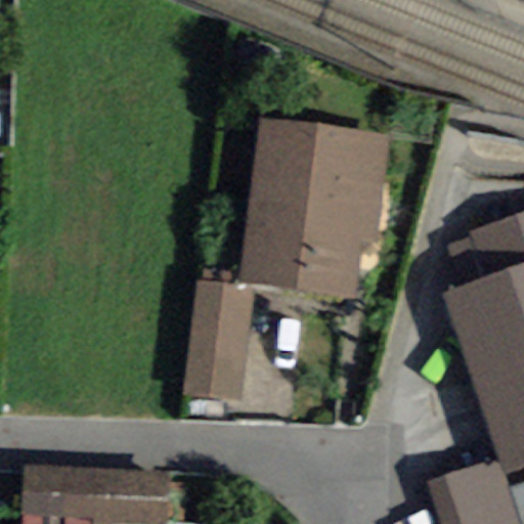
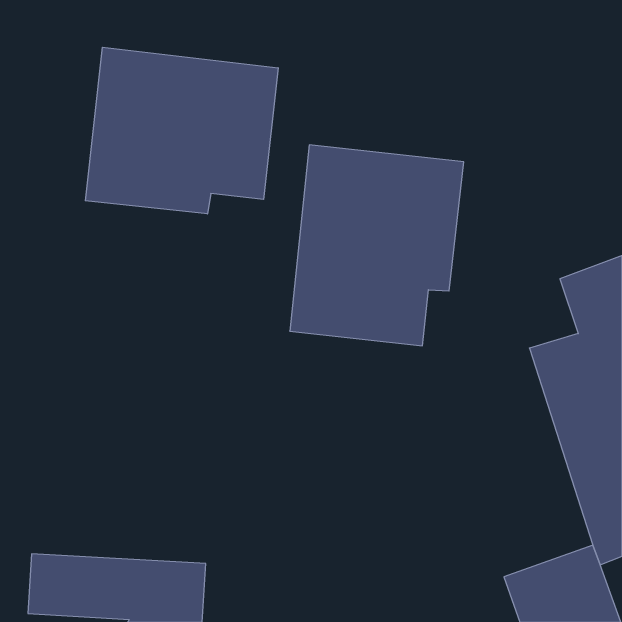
building: none -> [85,47,278,214]
building: [182,283,254,403] -> none

